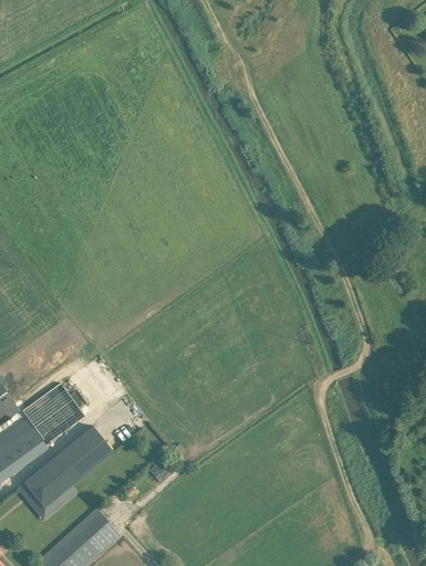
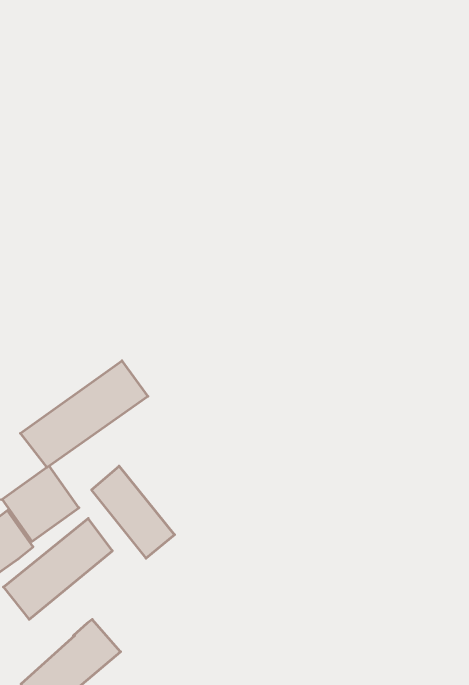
building: none -> [20,361,148,467]
building: none -> [92,466,175,558]

